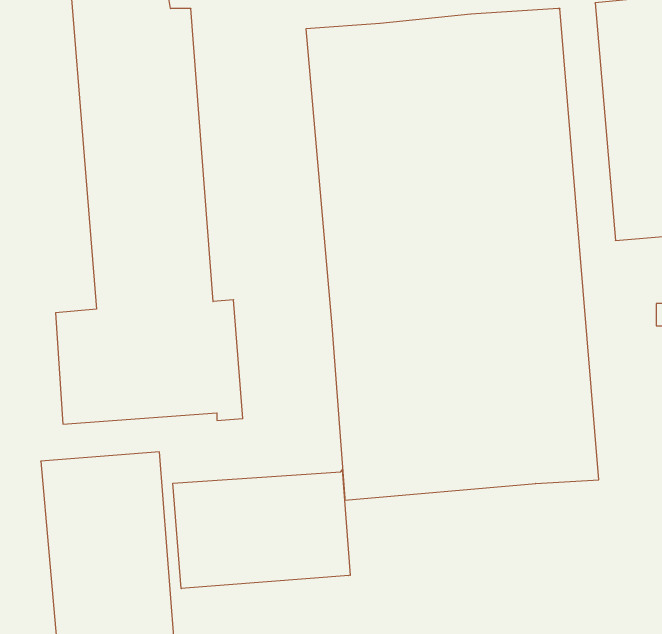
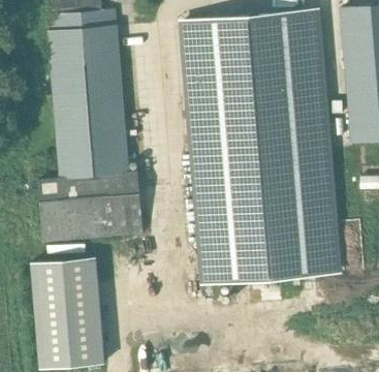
building: [173,470,350,589] -> none

